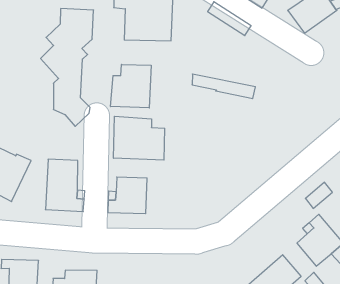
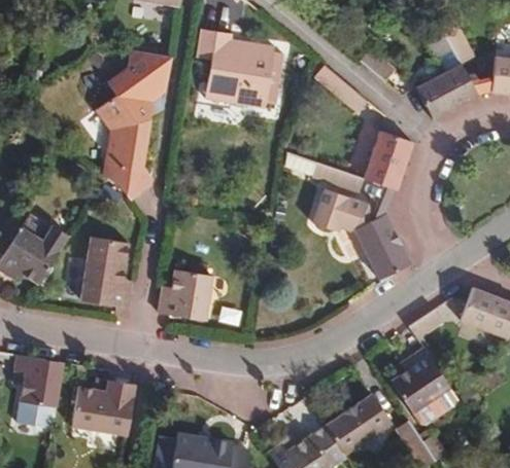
building: none -> [364,131,413,190]
building: [111,64,151,108] -> none
building: none -> [313,189,410,279]
building: [114,116,165,160] -> none

